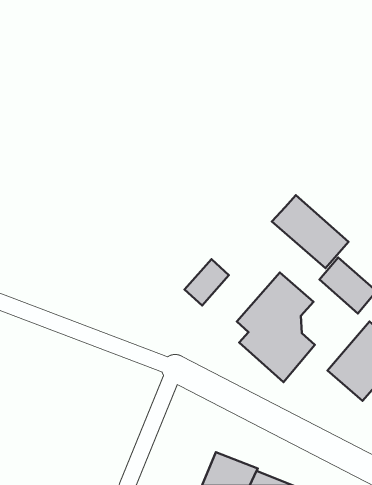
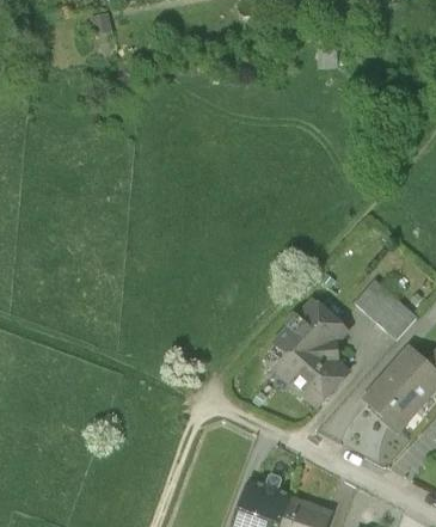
building: [272,195,349,268] -> none
building: [185,259,229,306] -> none

